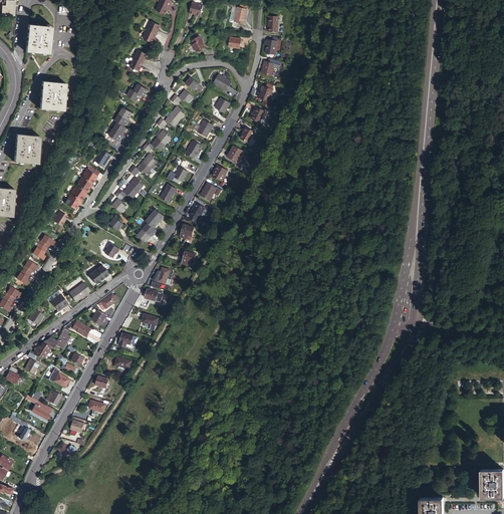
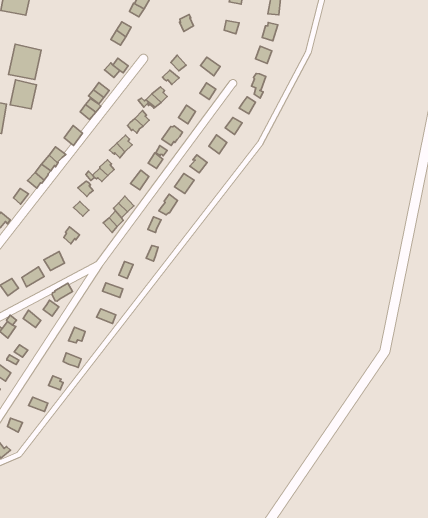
building: none -> [10,80,36,109]

